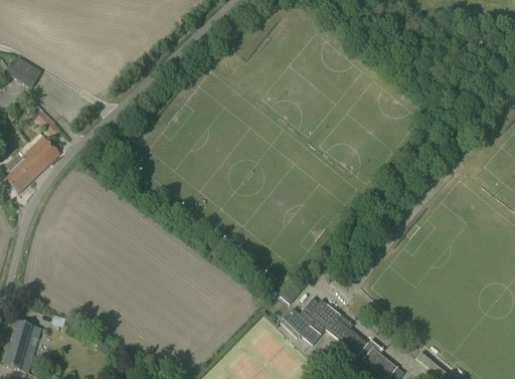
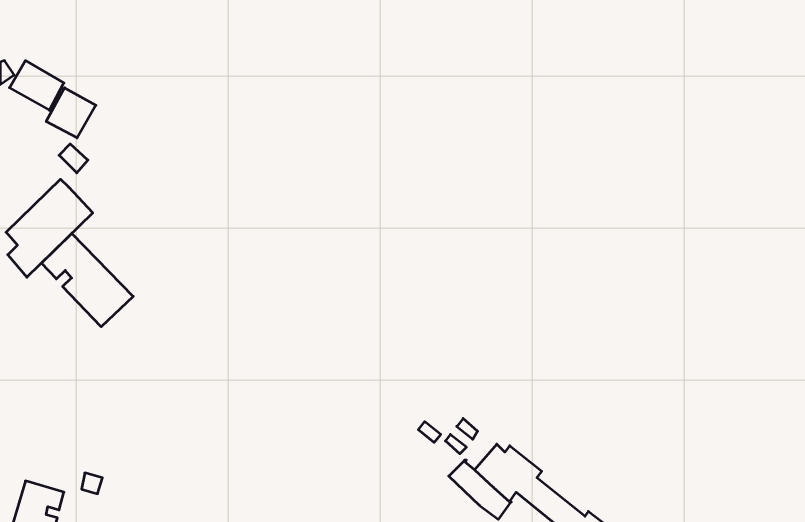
building: none -> [46,88,96,138]
building: none -> [41,234,133,327]

